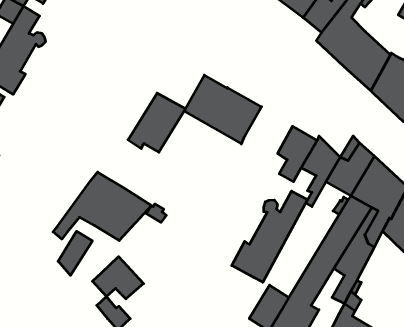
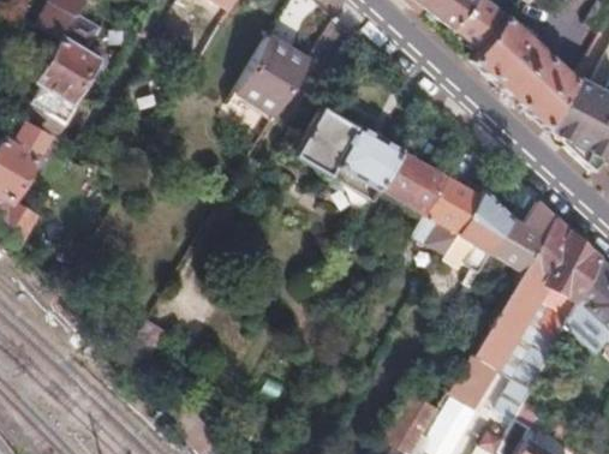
building: [128,93,185,152] -> [235,35,314,115]
building: none -> [380,151,444,214]
building: [53,172,151,241] -> none
building: [232,191,308,282] -> none
building: [92,257,144,299] -> none

